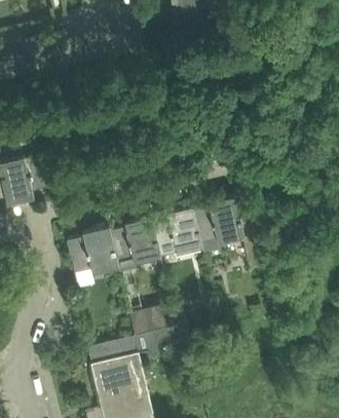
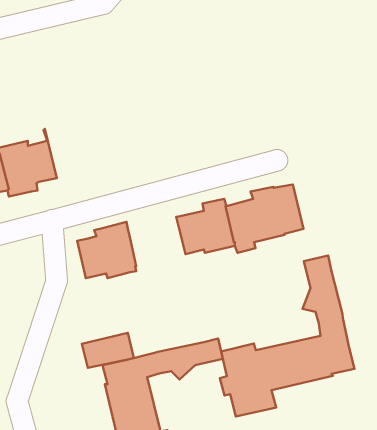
building: [110,216,160,272] -> none
building: none -> [220,256,355,416]
building: [130,306,175,336] -> [82,333,134,368]

